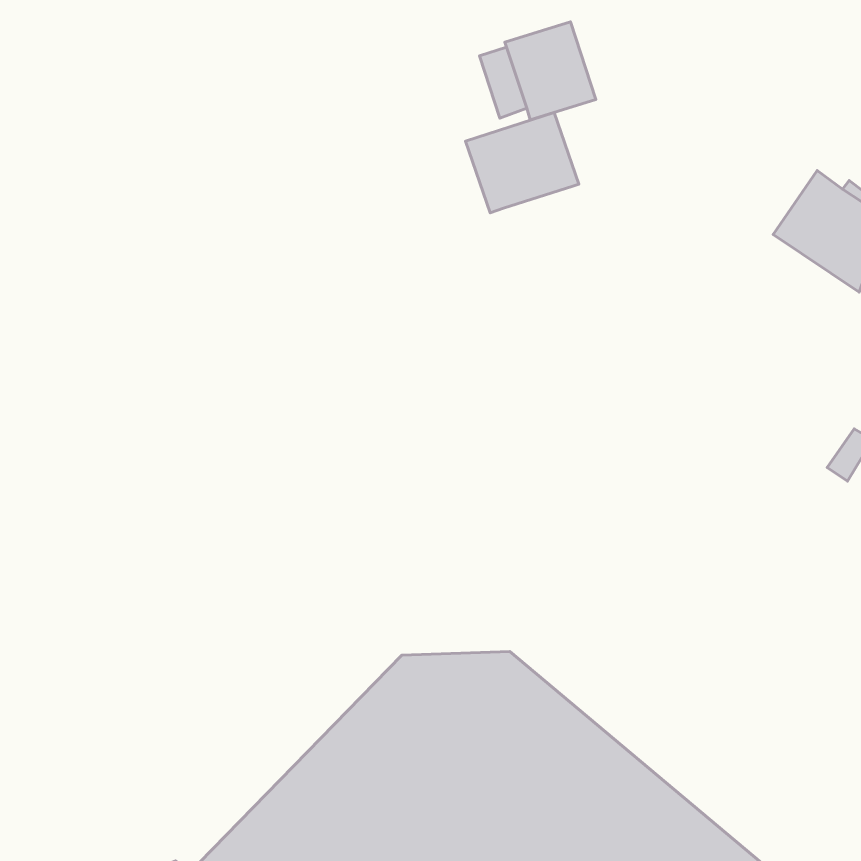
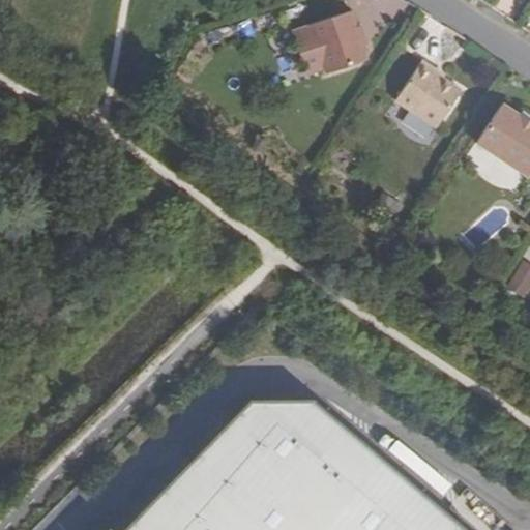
building: none -> [395,62,461,129]
building: [466,112,579,213] -> none

